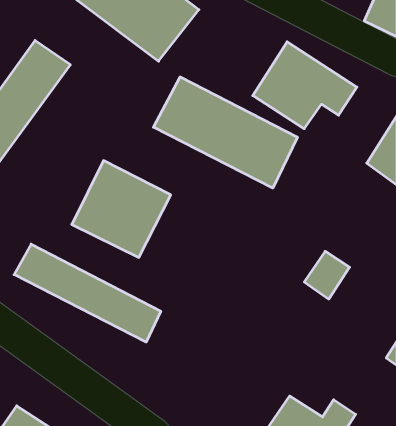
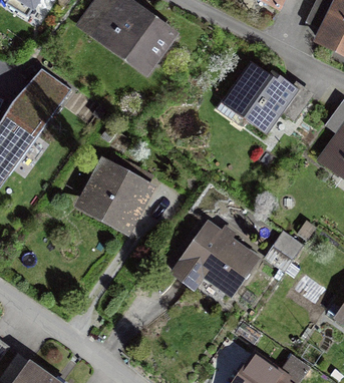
building: [153,77,297,188] -> none
building: none -> [170,216,260,300]
building: [14,244,161,342] -> none

